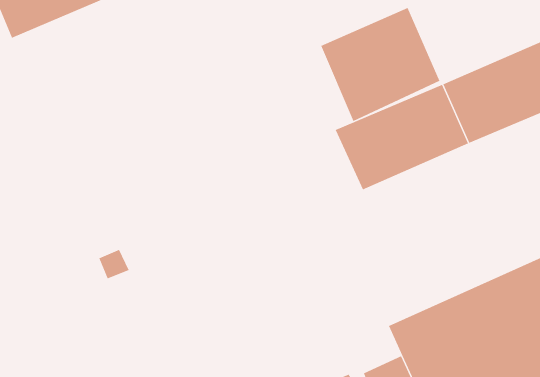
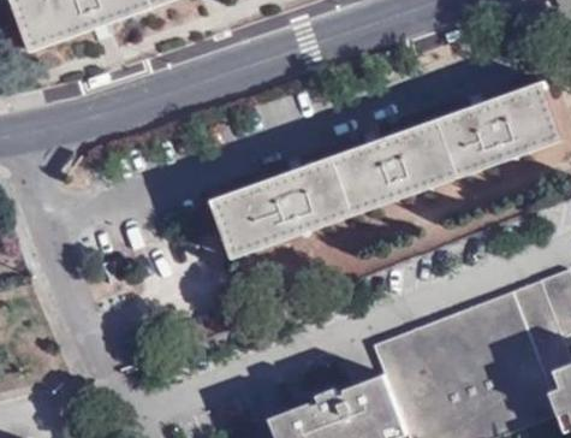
building: [320,7,440,122] -> none
building: none -> [210,156,353,260]

